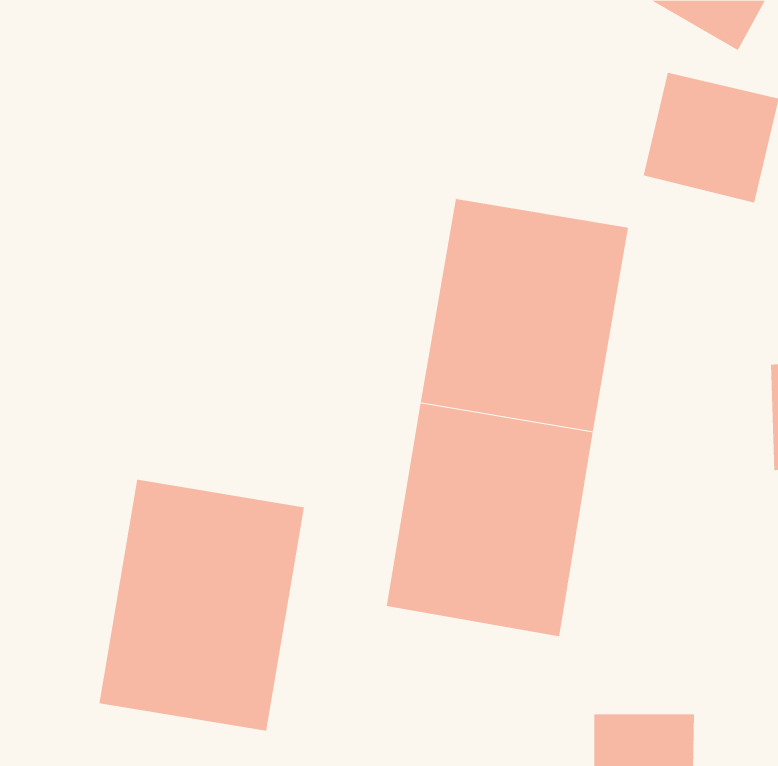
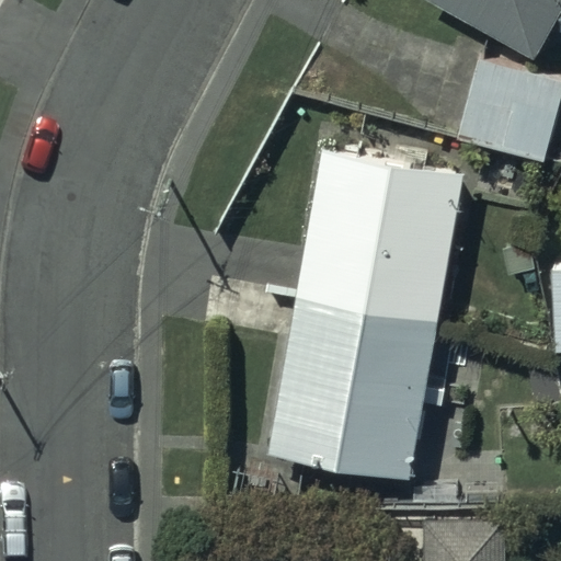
building: [99,479,304,732] -> none

